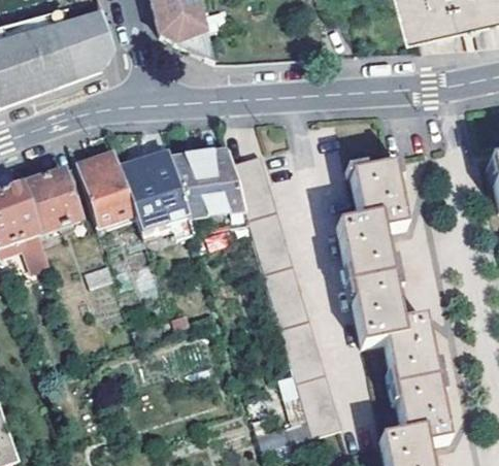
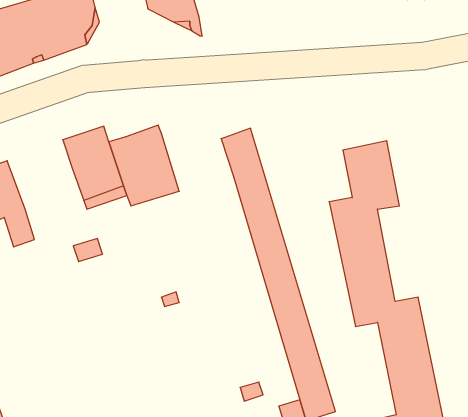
building: [171,148,242,218] -> none
building: [20,164,84,232] -> none

